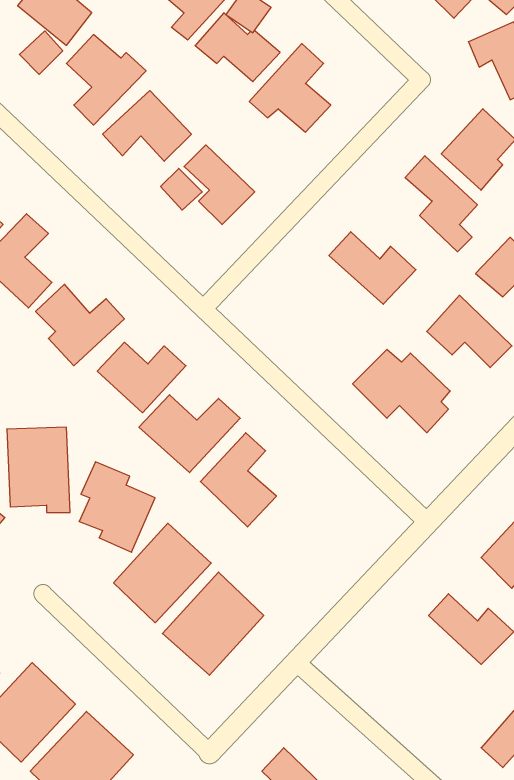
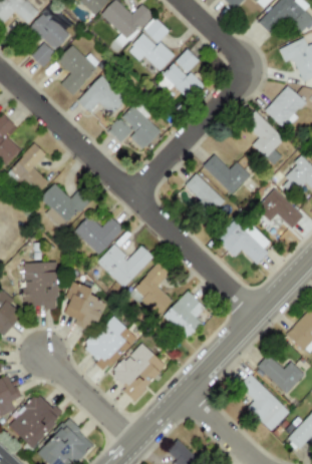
building: none -> [184,172,224,212]
building: none -> [164,290,205,339]
building: none -> [238,373,289,431]

